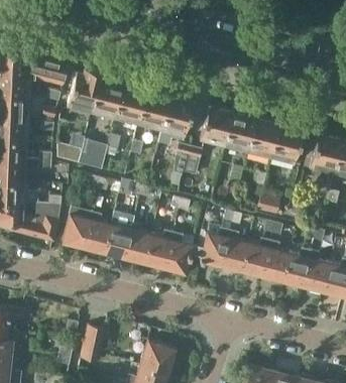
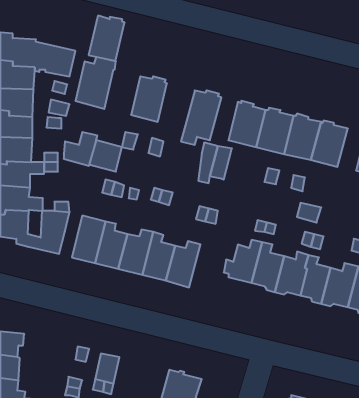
building: [91,80,122,119] -> [89,16,125,61]
building: [137,92,169,131] -> none
building: [164,232,192,273] -> none

